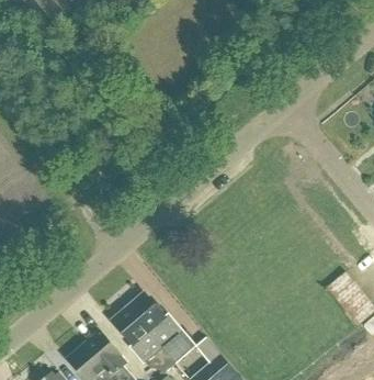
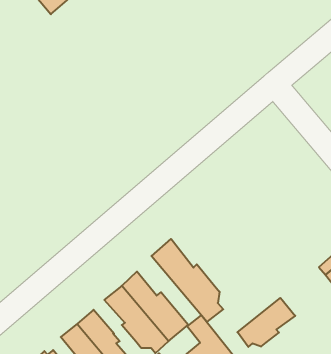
building: none -> [151,239,223,322]
building: none -> [237,298,295,347]

